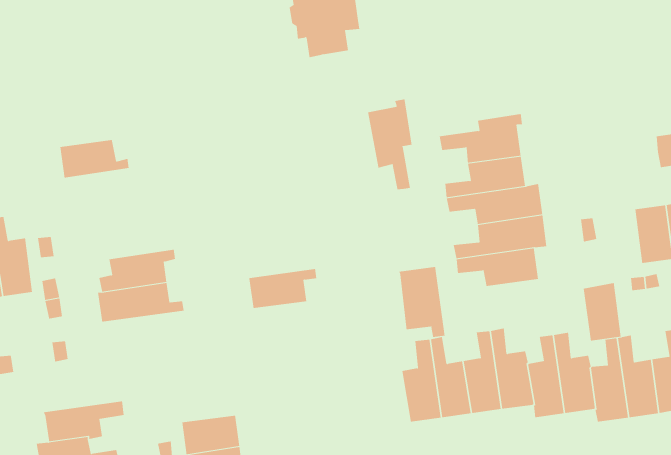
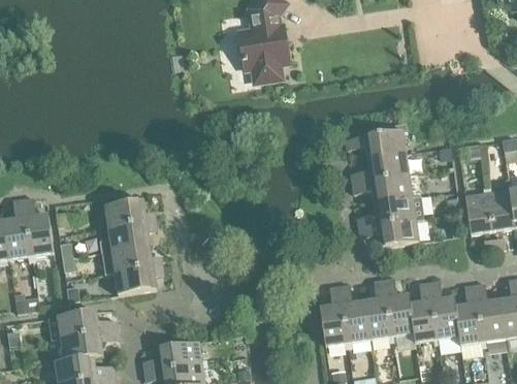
building: [367,98,412,190] -> none
building: [60,140,130,178] -> [104,199,155,227]
building: [399,266,445,338] -> none
building: [233,269,317,309] -> [102,264,163,293]
building: [583,283,621,341] -> [464,191,492,233]
building: none -> [47,310,118,340]

